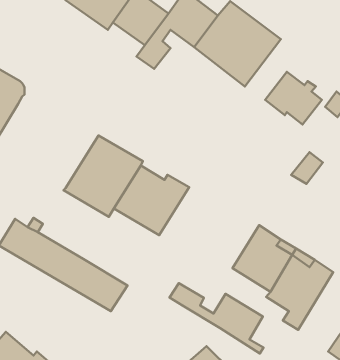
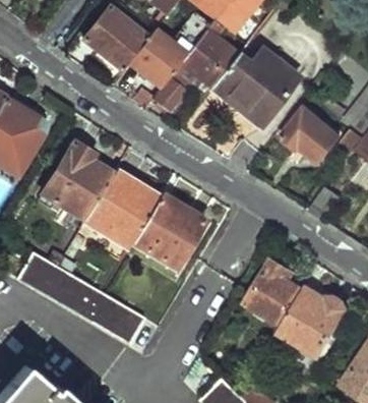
building: none -> [41,143,113,223]
building: [170,283,264,353] -> none

